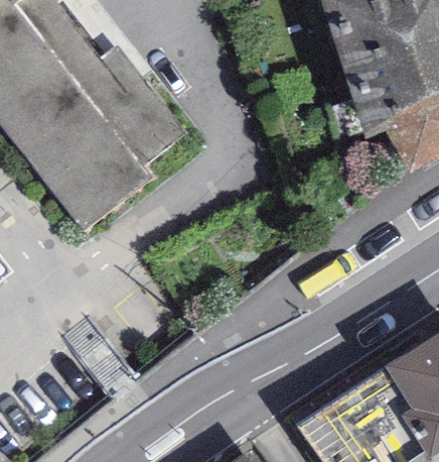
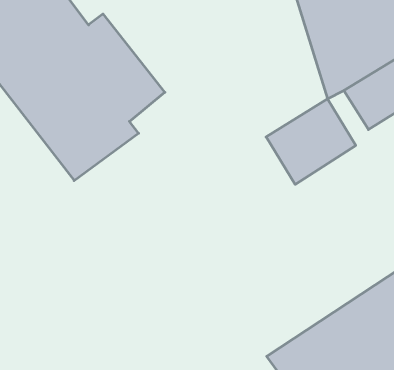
building: none -> [266,99,356,184]

